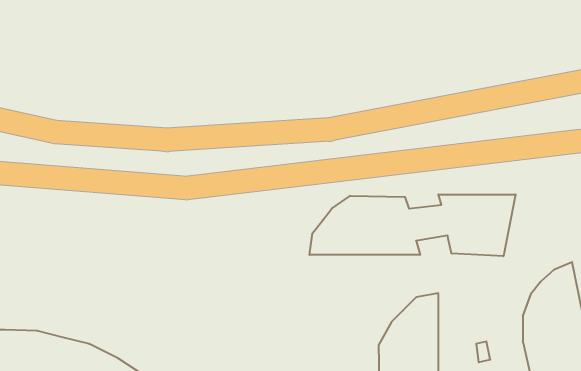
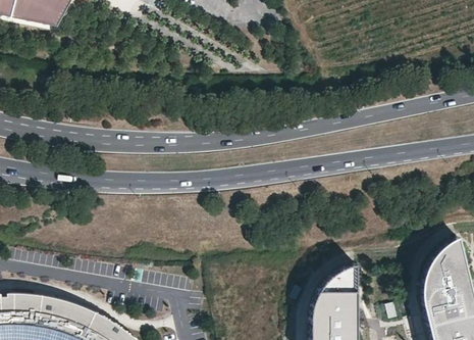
building: [309,194,516,256] -> none

